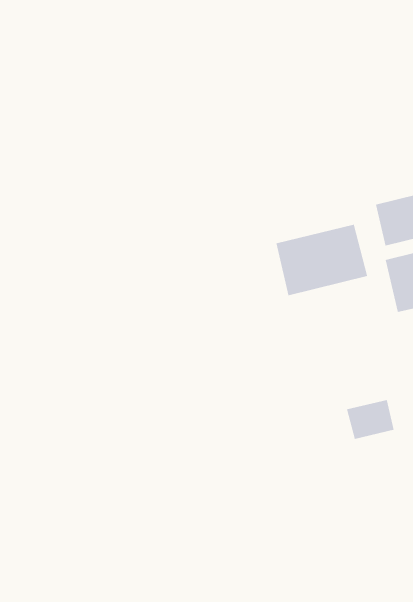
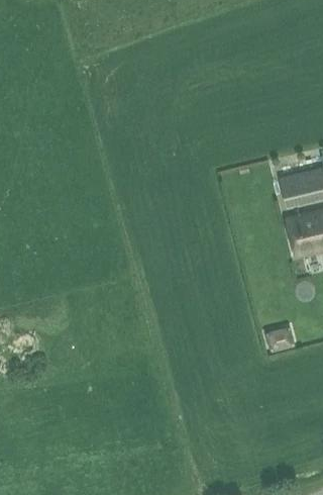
building: [276,224,368,296] -> none

